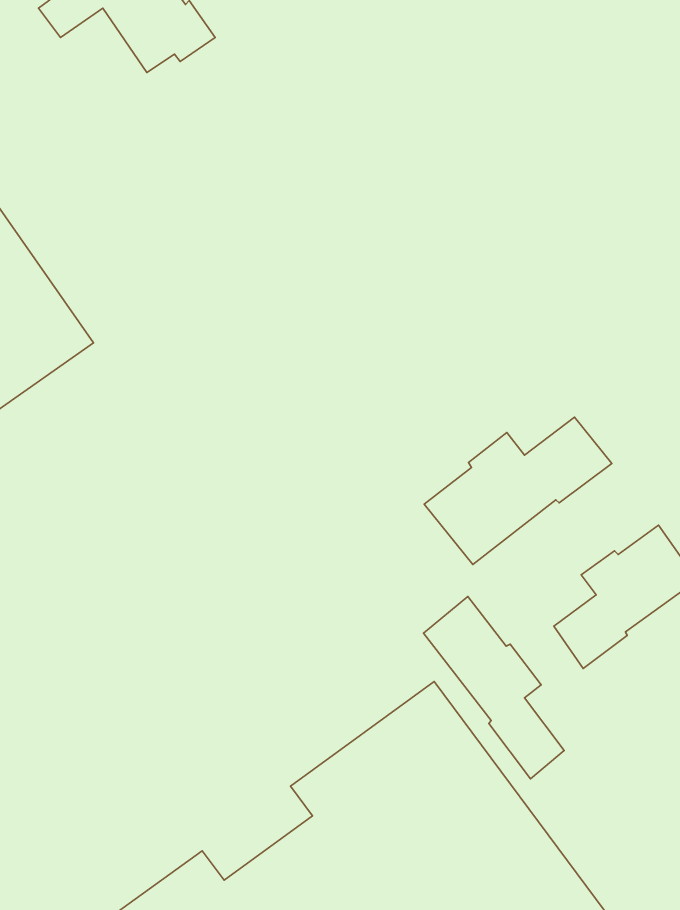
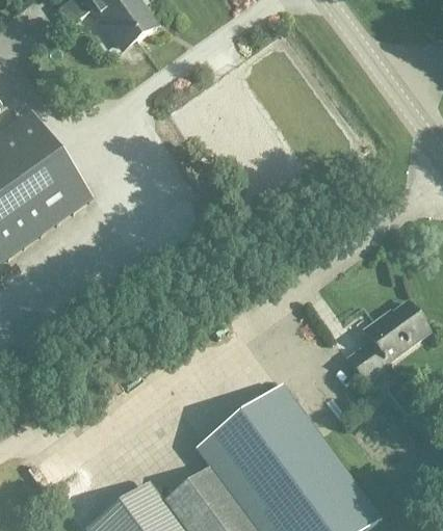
building: [424,417,612,565] -> none
building: [424,596,564,779] -> none

